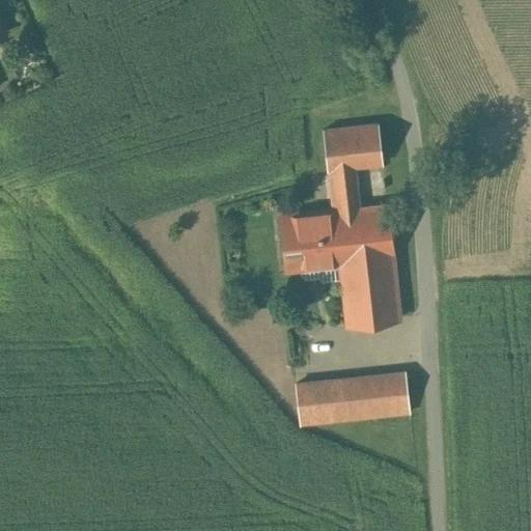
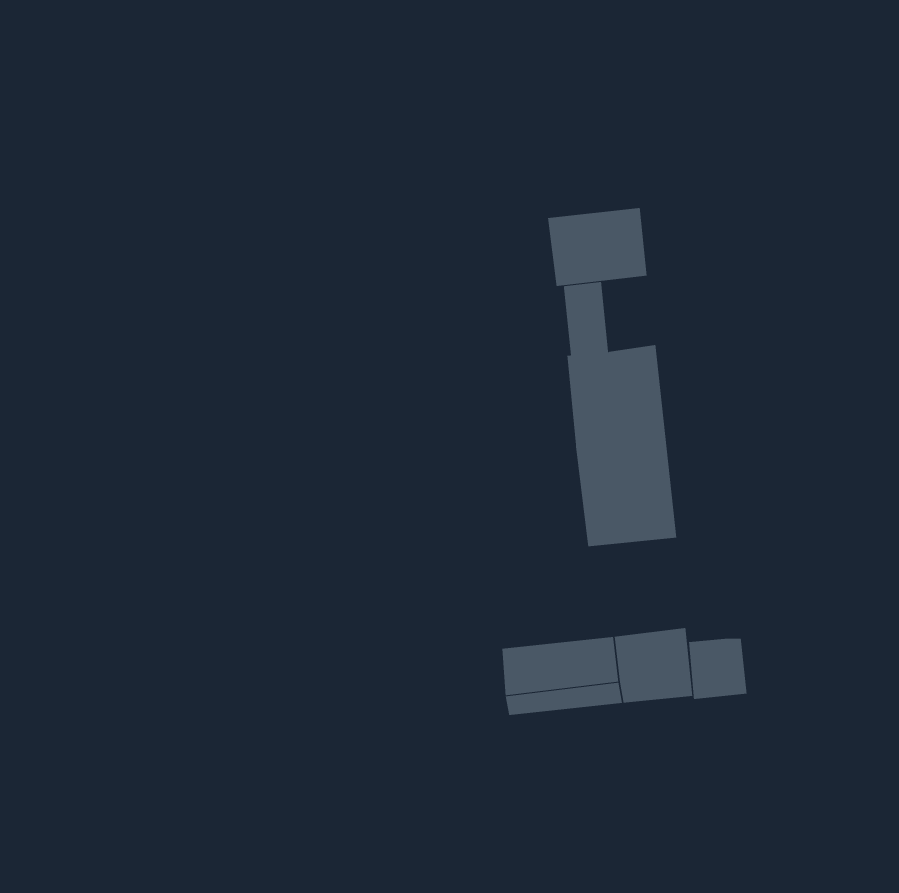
building: [281,213,339,270] -> none
building: none -> [689,638,747,700]

